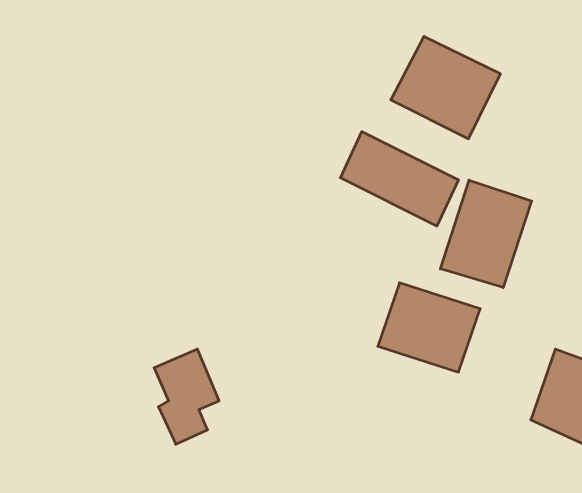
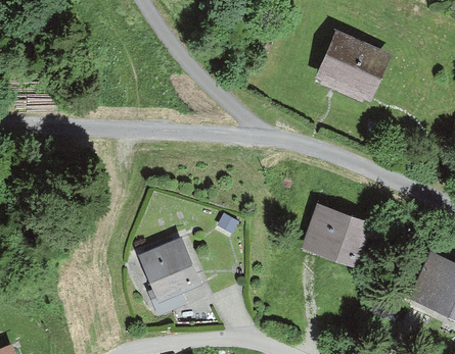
building: [340,132,458,226] -> none
building: [440,180,532,288] -> none

